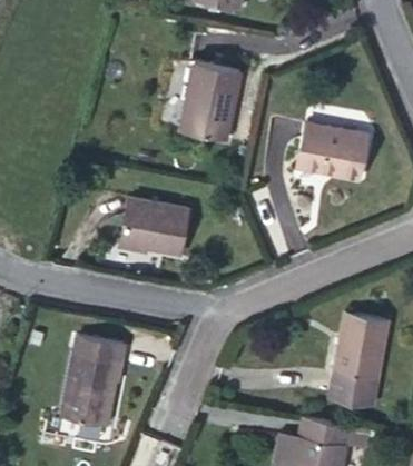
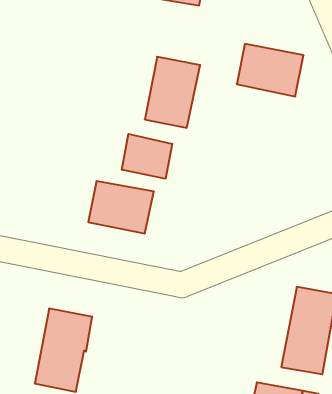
building: [296,123,368,180] -> [237,44,304,96]
building: none -> [122,134,172,179]

